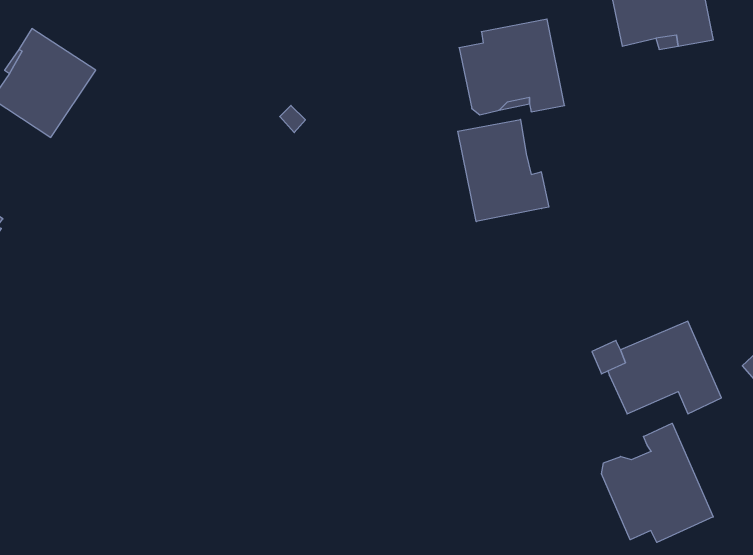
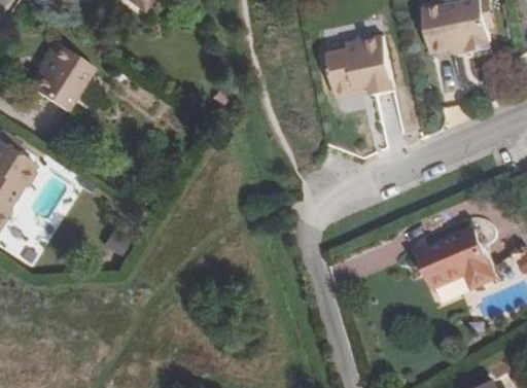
building: [458,119,549,222] -> none
building: [602,423,713,542] -> none

